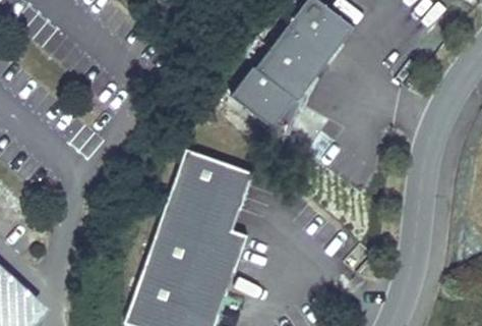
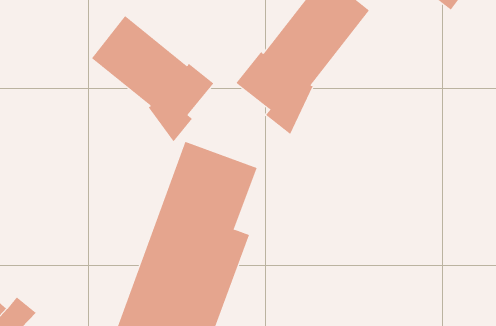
building: none -> [91,15,214,142]

